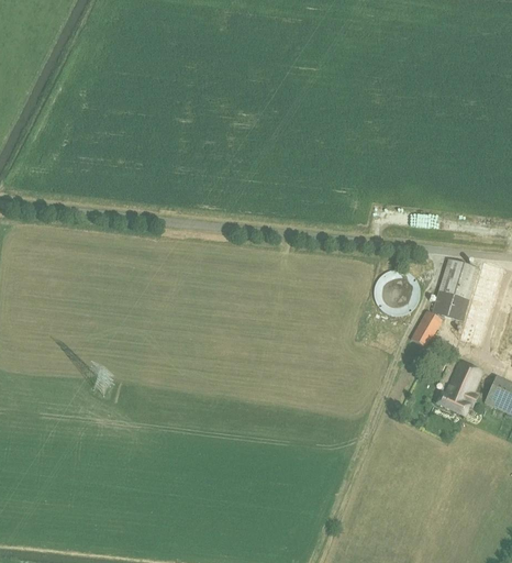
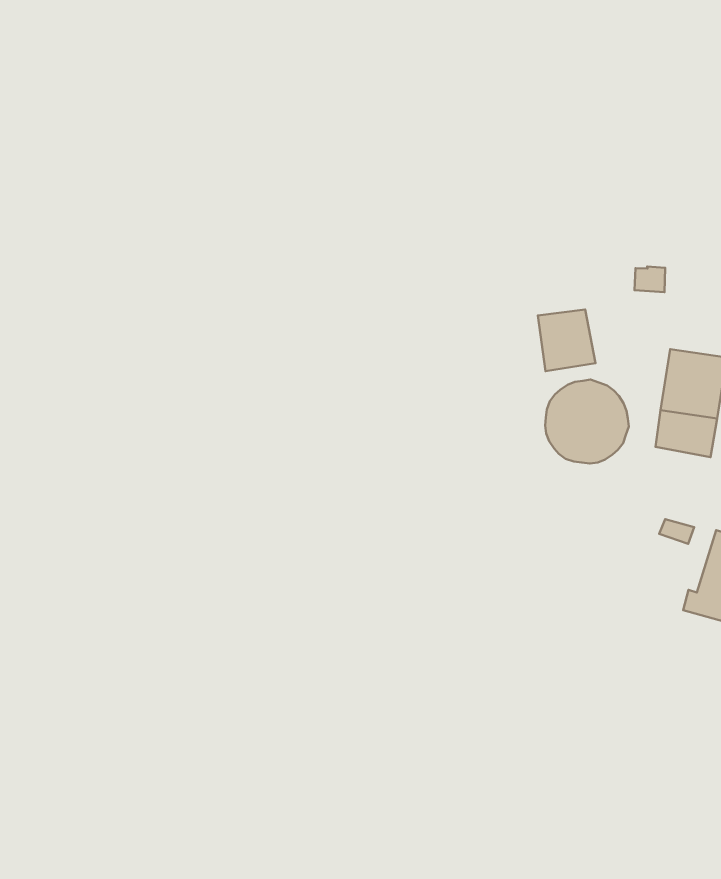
building: none -> [538,310,596,371]
building: [411,310,442,346] -> none

